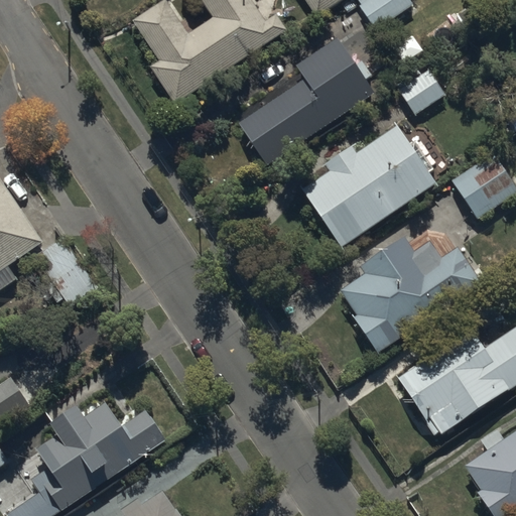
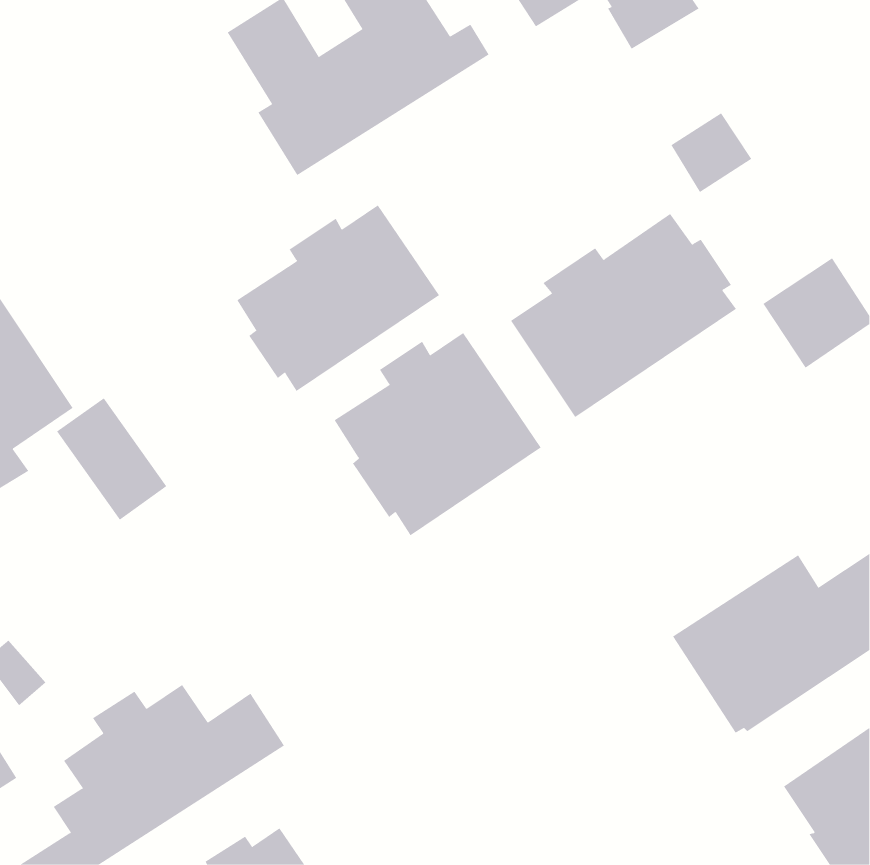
building: [240,36,376,165] -> none
building: none -> [236,204,440,392]
building: none -> [334,332,542,536]
building: [341,236,481,352] -> none

